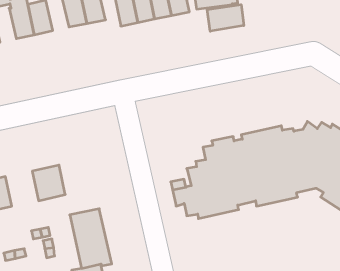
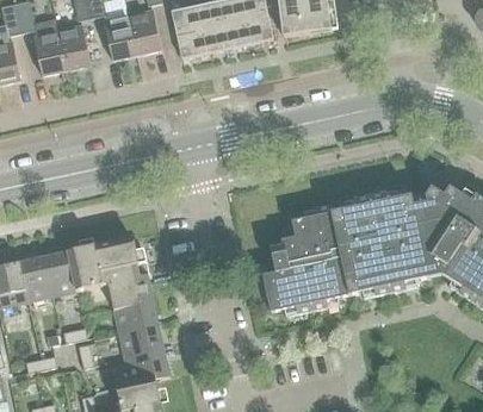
building: [207,5,244,31] -> none
building: none -> [99,237,153,311]
building: none -> [27,252,72,299]

